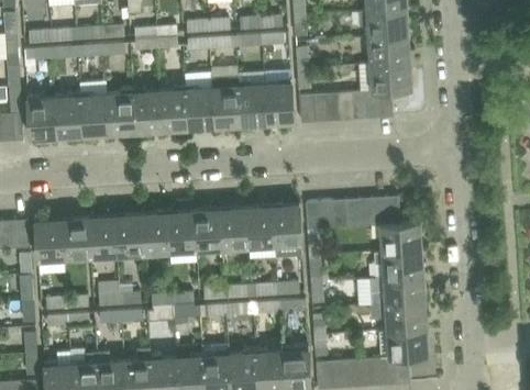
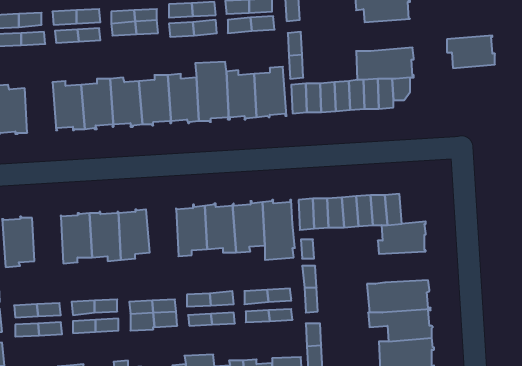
building: [366,35,410,65] -> [447,36,495,68]
building: [55,93,84,140] -> none
building: [166,209,196,254] -> none
building: [62,215,90,260] -> none
building: [374,248,424,278] -> none

